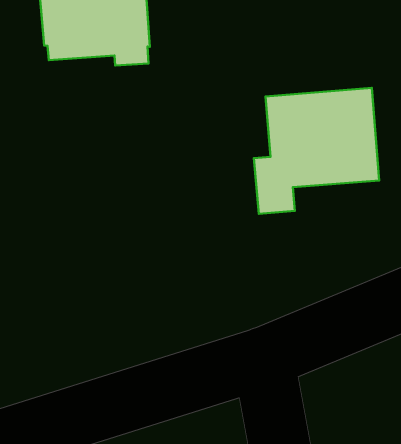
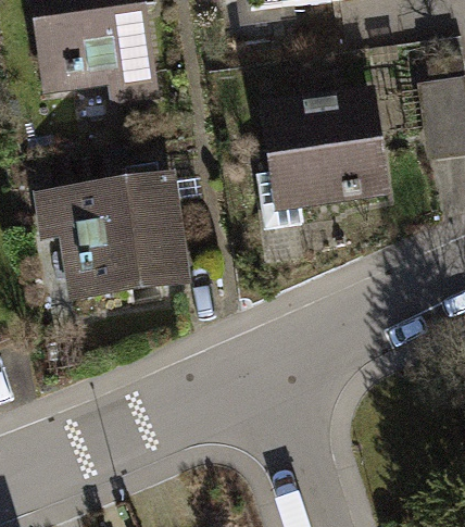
building: none -> [53,167,186,298]

